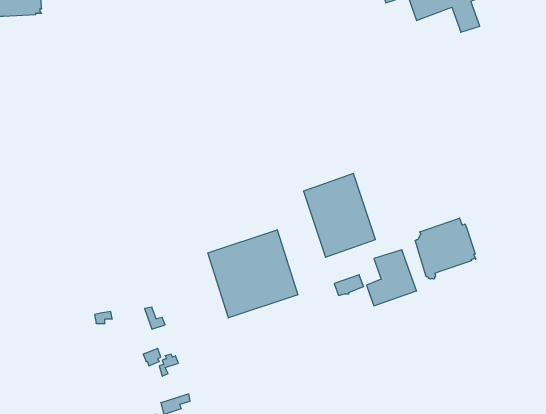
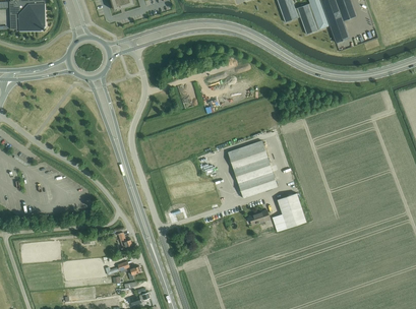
building: [415,218,476,279] -> none
building: [208,230,298,318] -> none

